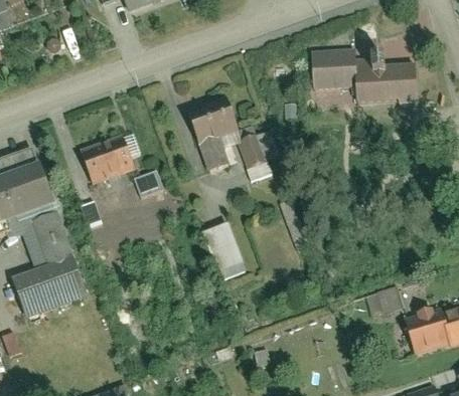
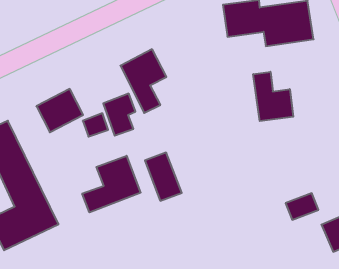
building: [238,128,275,176] -> [103,94,135,136]
building: none -> [253,72,293,121]
building: none -> [82,156,141,212]

